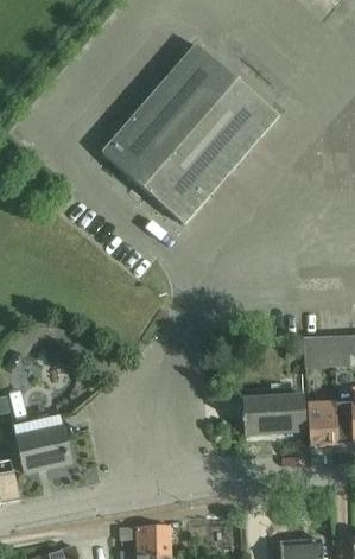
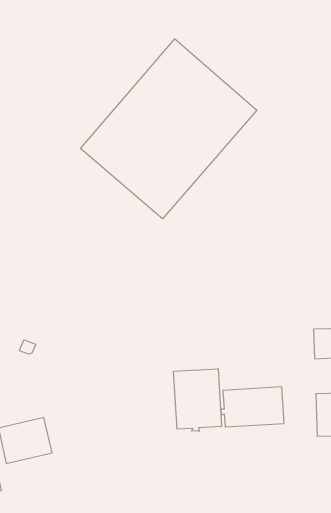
building: [304,336,336,367] -> none
building: none -> [174,369,222,431]
building: [309,399,338,445] -> none

